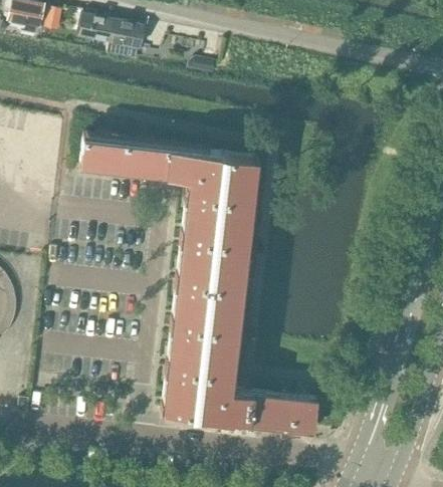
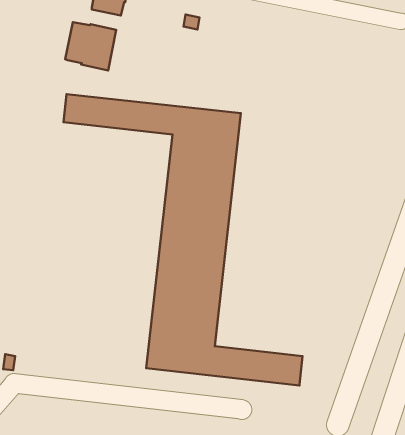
building: none -> [65,22,116,71]

